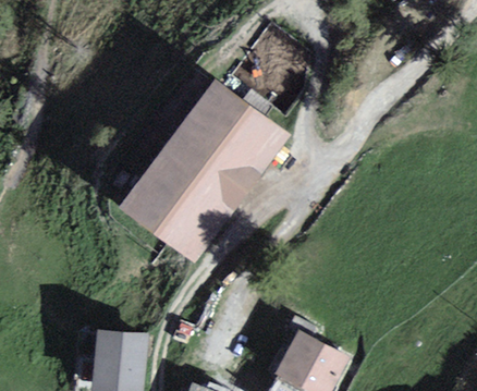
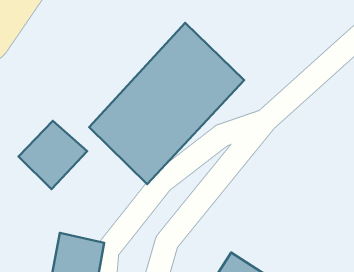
building: none -> [19,121,87,189]

